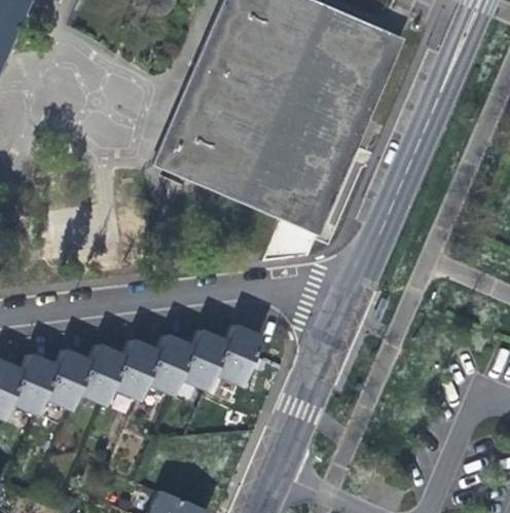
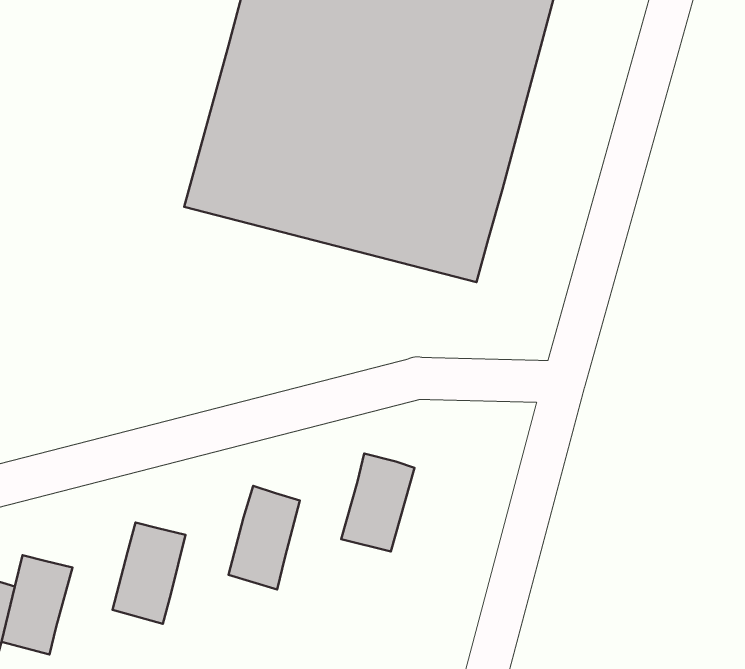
building: [182,329,230,389] -> none
building: [113,339,161,400] -> none
building: [44,350,92,408] -> none

